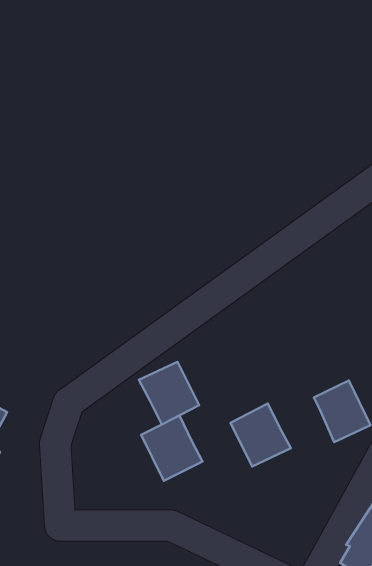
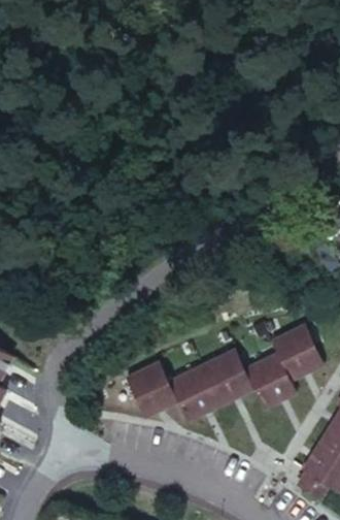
building: [139,362,199,425] -> [170,365,222,419]
building: none -> [245,354,297,408]

